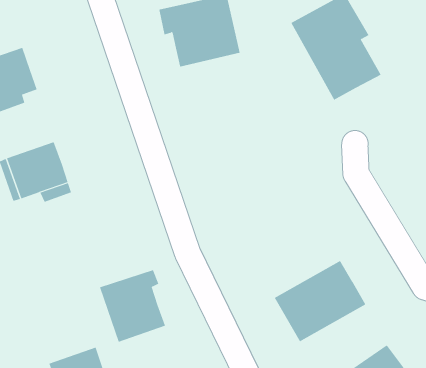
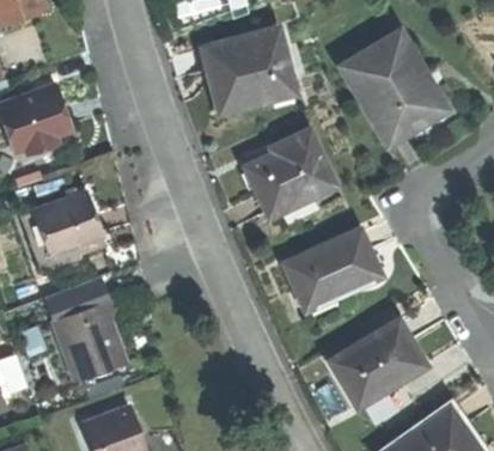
building: none -> [246,129,333,217]
building: none -> [280,231,376,311]
building: [99,269,166,343] -> [51,297,123,376]

